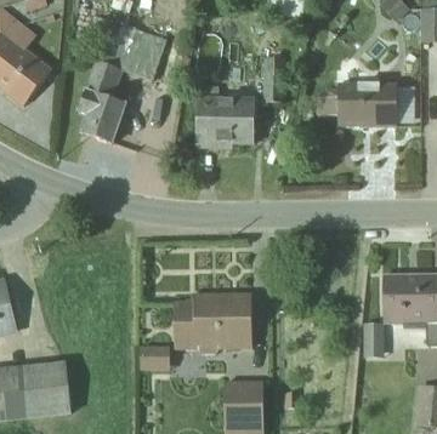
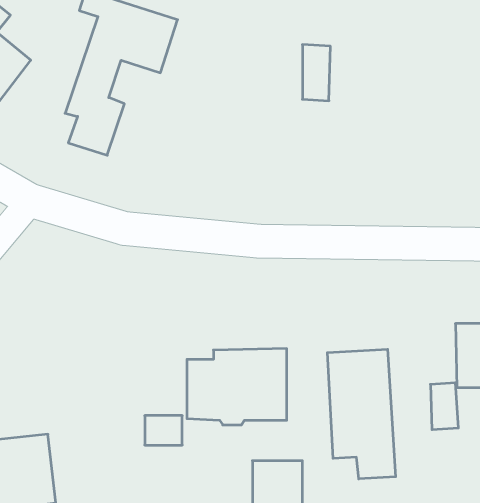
building: [317,82,396,125] -> none
building: [197,85,251,145] -> none
building: none -> [327,349,396,479]

